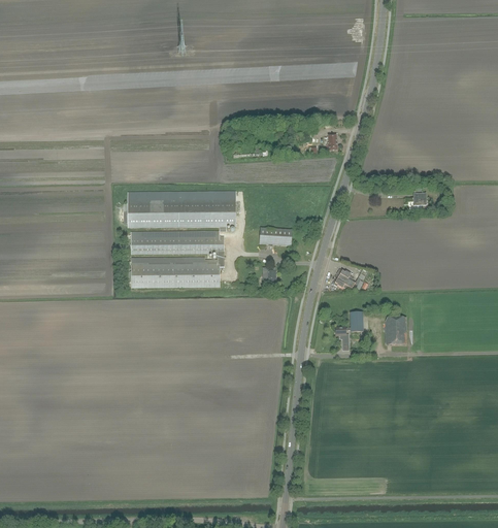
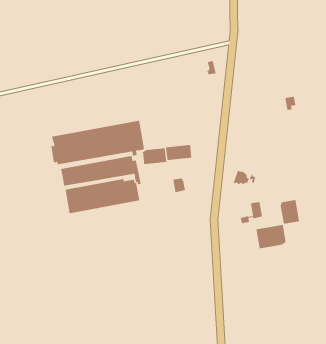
building: none -> [143,148,167,165]
building: none -> [256,224,286,249]

